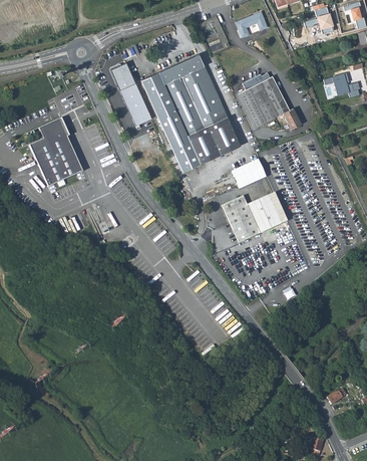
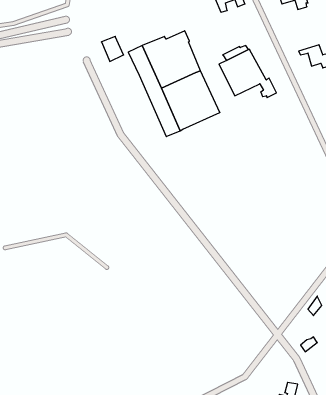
building: [120,83,151,126] -> none
building: [30,118,83,187] -> none
building: [232,159,267,190] -> none
building: [222,191,287,242] -> none

